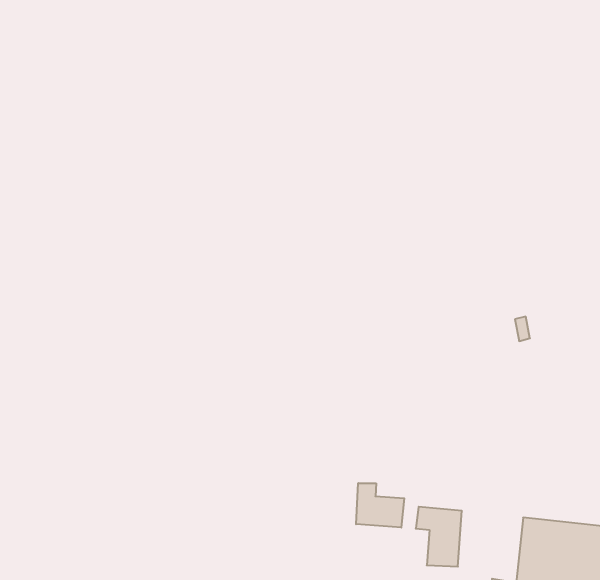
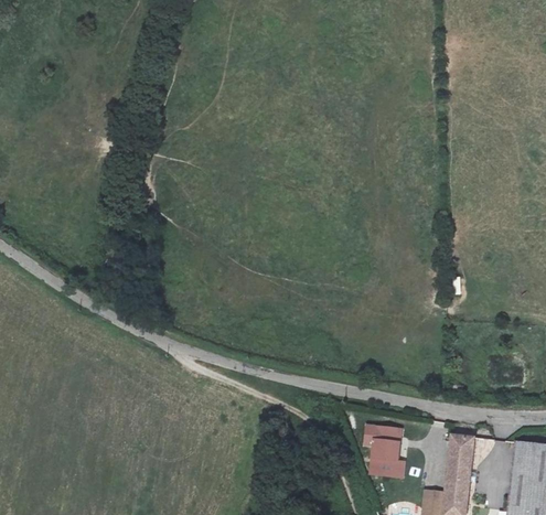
building: [356,483,404,528] -> none

